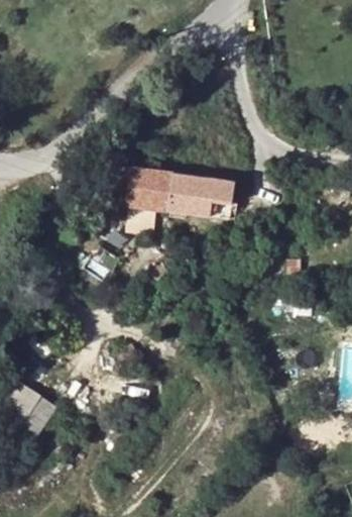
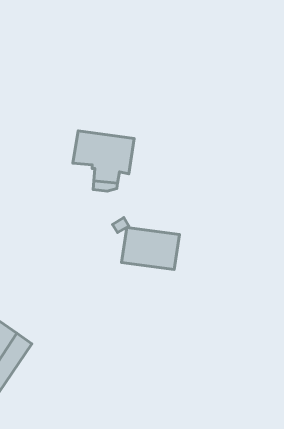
building: [167,171,234,219] -> [122,227,179,270]

